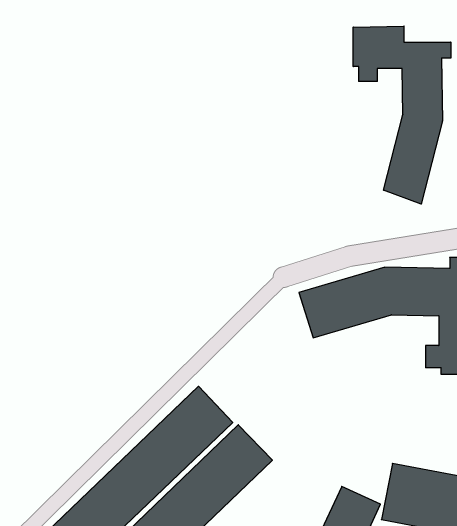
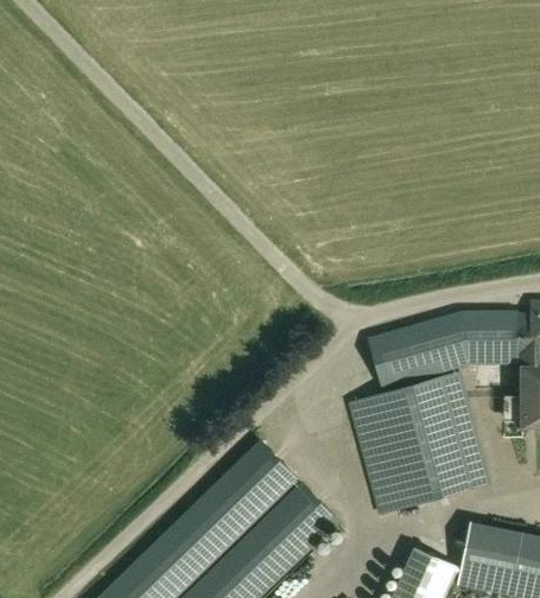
building: [353,26,451,204] -> none
building: none -> [348,370,495,514]

